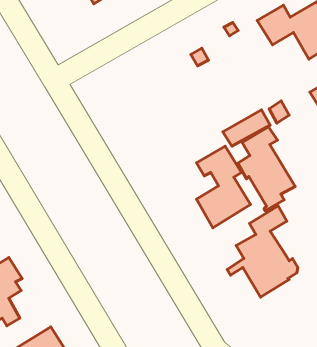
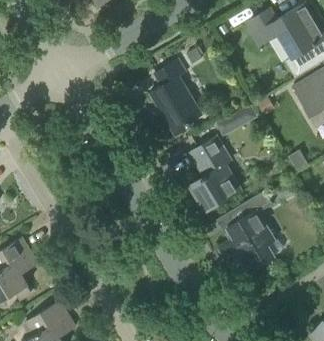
building: [238,127,295,211] -> [150,59,202,135]

